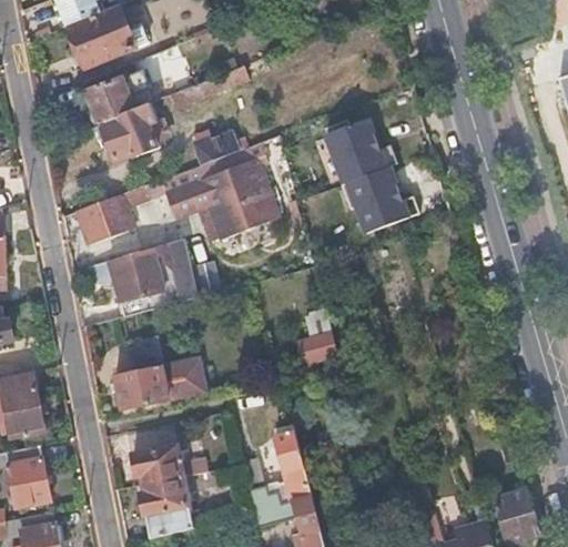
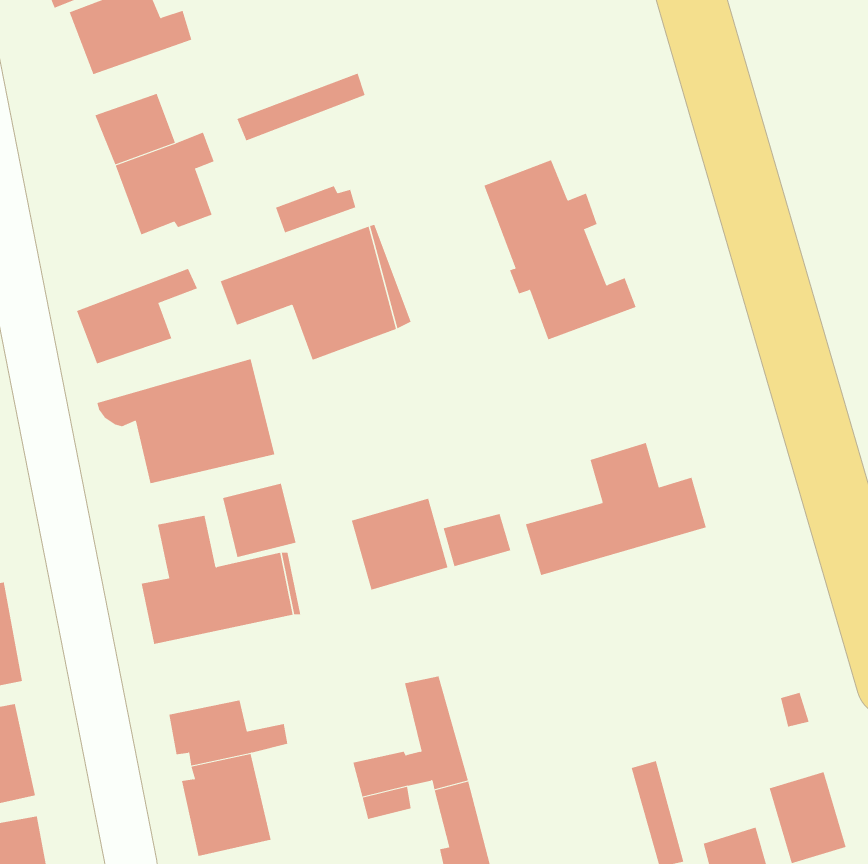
building: none -> [525,442,706,576]
building: none -> [222,483,296,558]
building: none -> [351,498,448,590]

